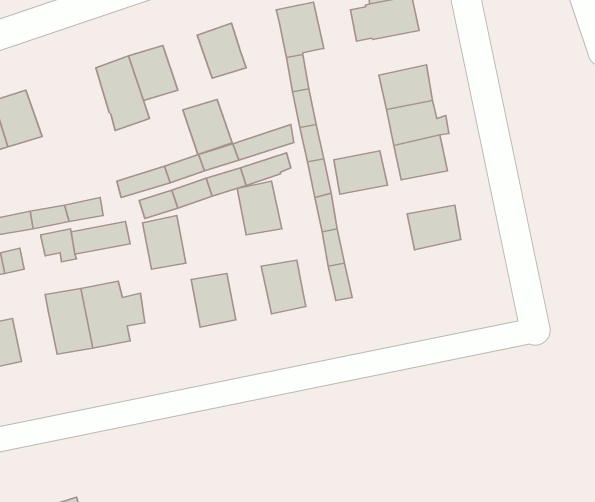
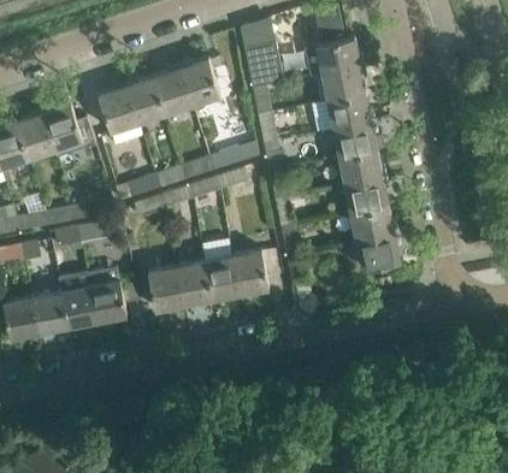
building: none -> [321,66,365,102]
building: none -> [41,100,95,158]
building: [183,99,232,155] -> [152,70,191,114]
building: [334,151,387,194] -> [344,179,388,214]
building: [237,181,282,235] -> [203,256,240,300]
building: [142,215,186,269] -> [147,267,182,311]
building: none -> [355,235,398,271]
building: none -> [30,292,66,333]

